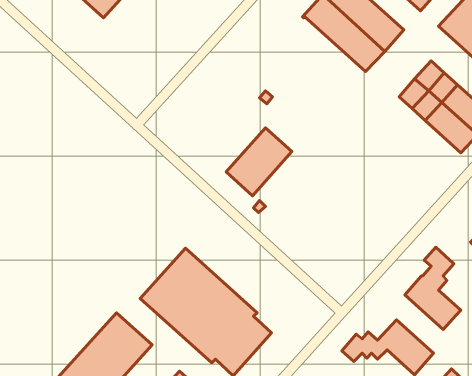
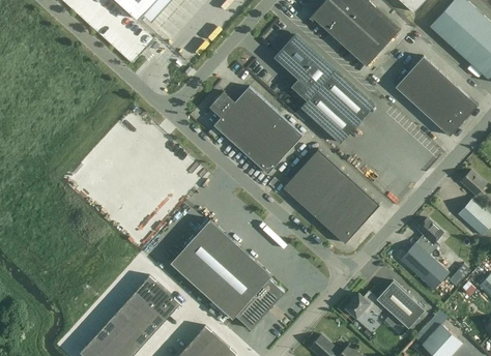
building: none -> [275,34,375,144]
building: none -> [209,87,280,153]
building: none -> [284,150,380,244]

